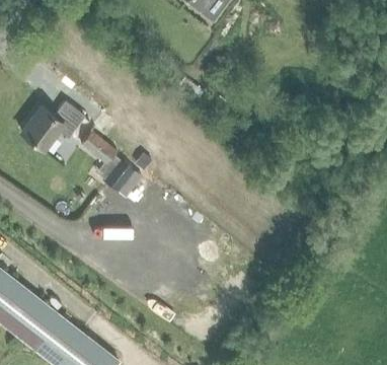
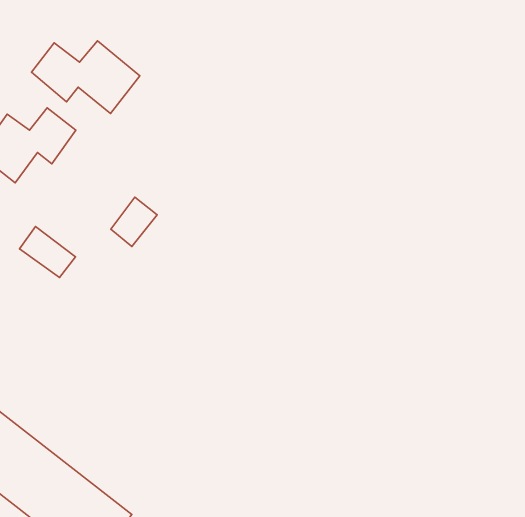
building: none -> [31,41,140,114]
building: [81,133,117,165] -> [20,226,75,277]

